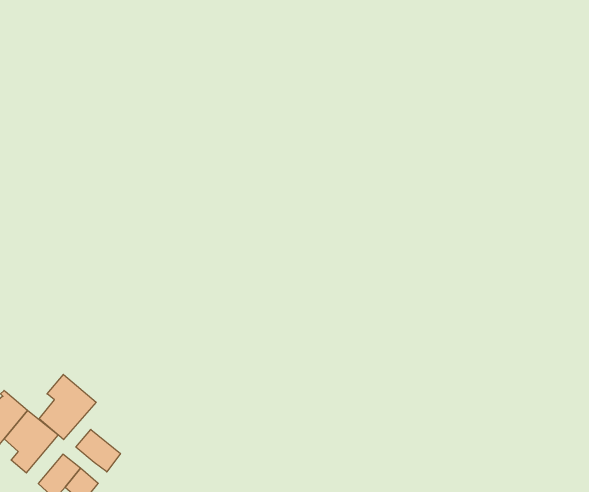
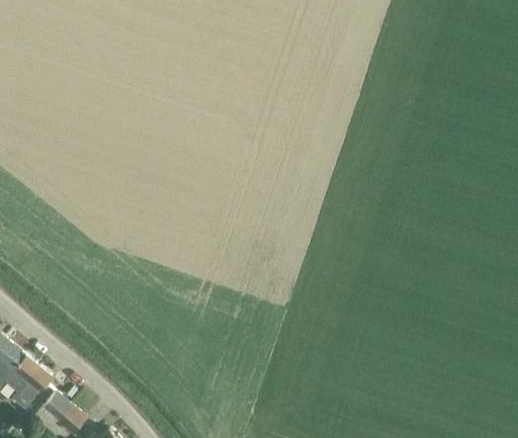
building: [39,374,96,440] -> none
building: [76,429,120,472] -> none

